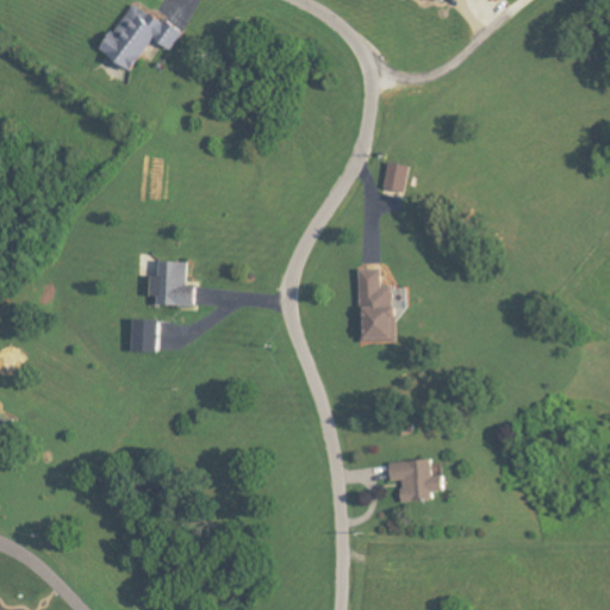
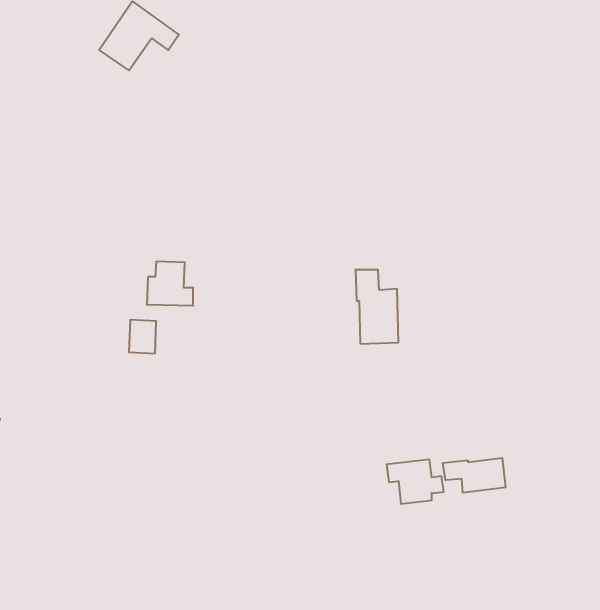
building: [380,162,406,192] -> none
building: none -> [443,458,506,493]

